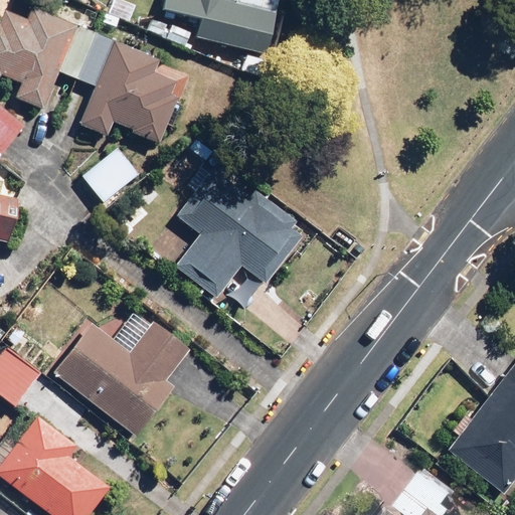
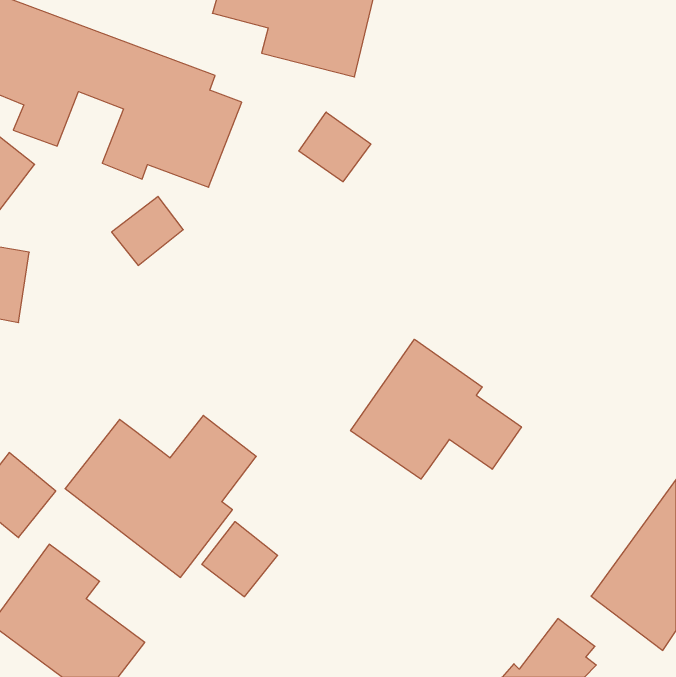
building: none -> [299,112,371,182]
building: [175,166,305,299] -> none
building: none -> [351,339,521,479]
building: none -> [202,522,278,597]

